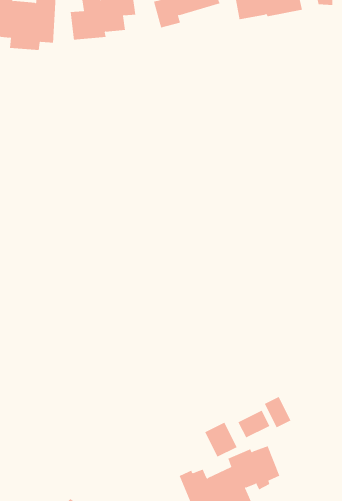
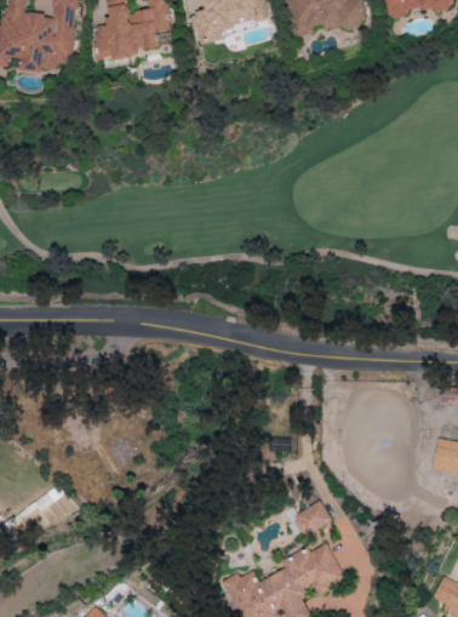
building: [264,396,291,428] -> none
building: [204,422,237,457] -> none

